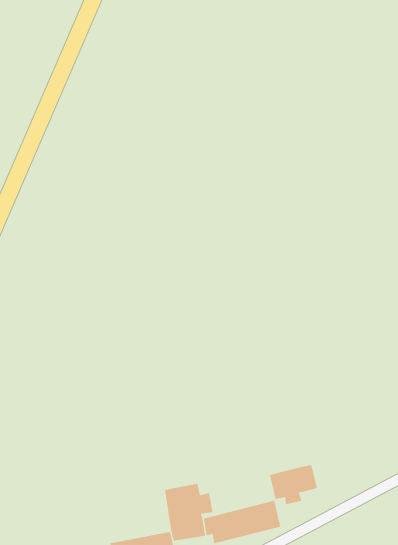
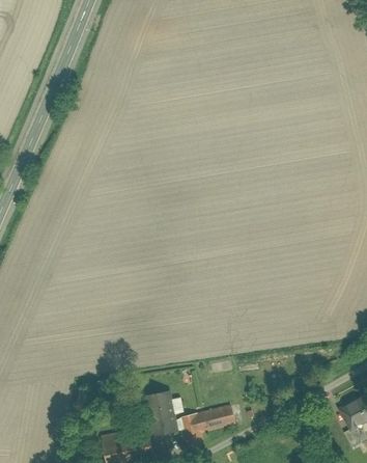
building: [269,464,318,505] -> none

